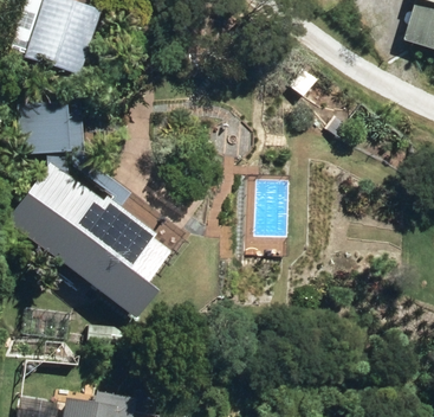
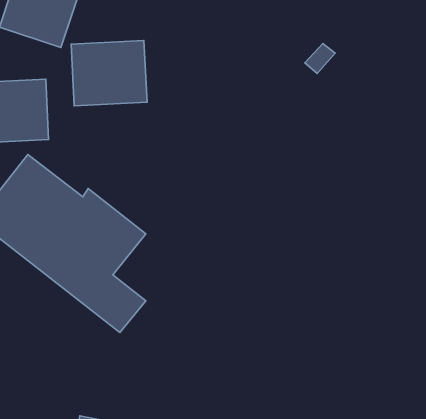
building: none -> [71,41,147,106]

